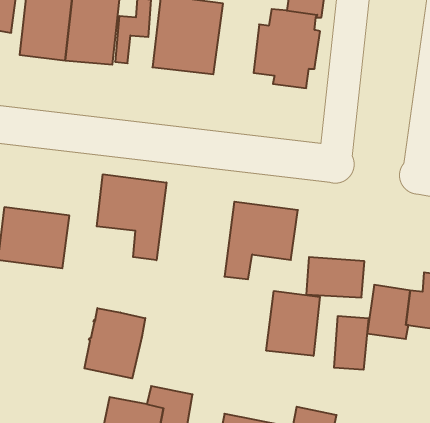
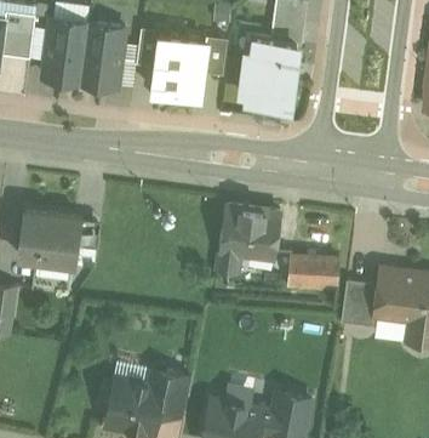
building: [97,174,166,260] -> none
building: [266,291,320,356] -> none
building: [84,308,145,378] -> none
building: [334,316,369,370] -> none

